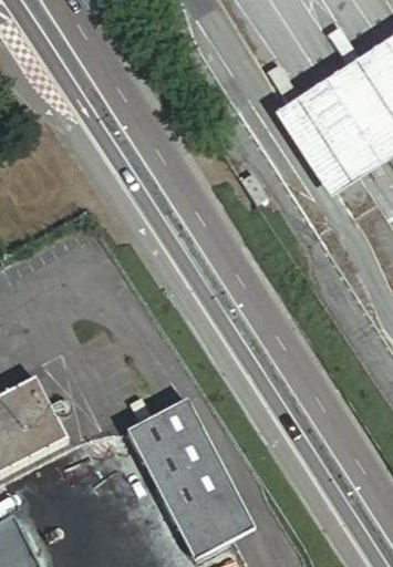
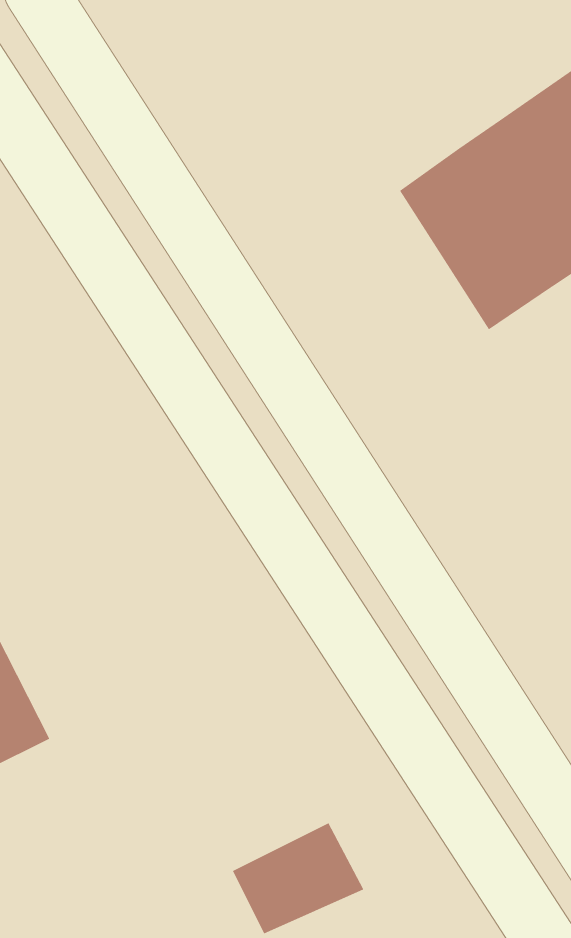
building: [131,401,235,519] -> none

